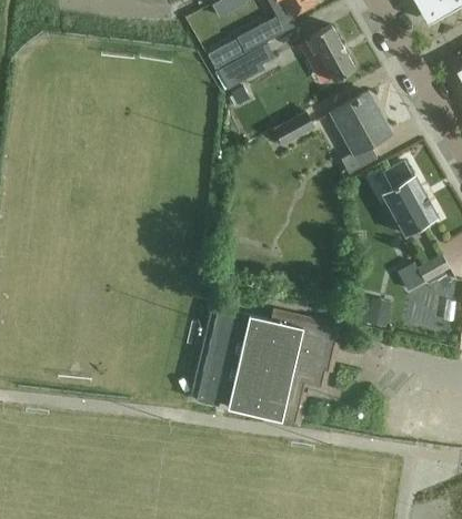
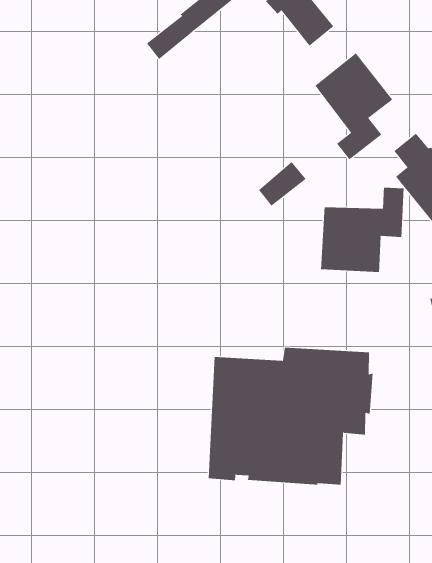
building: [215,43,273,90] -> none
building: [274,112,313,144] -> [258,161,306,207]
building: none -> [321,187,404,273]

